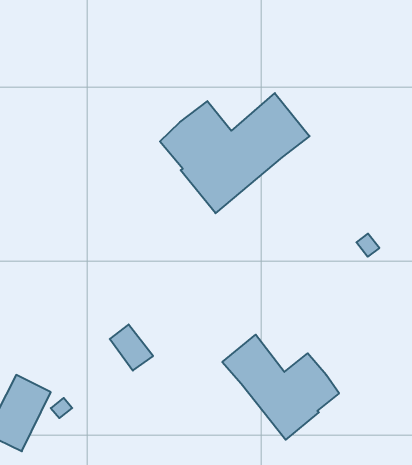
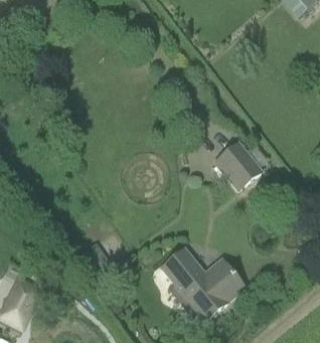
building: [160,93,310,213] -> none
building: none -> [213,141,264,191]

